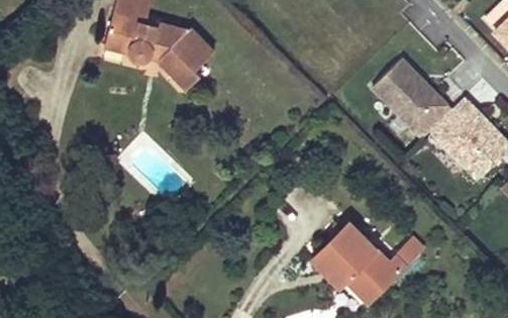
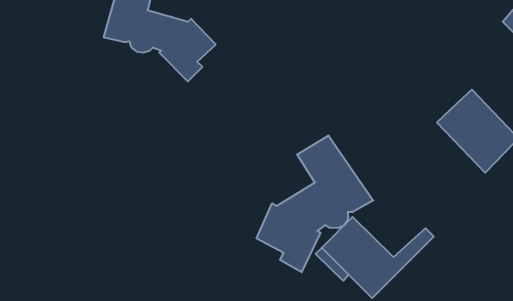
building: [372,60,450,139] -> none
building: none -> [257,135,373,272]

